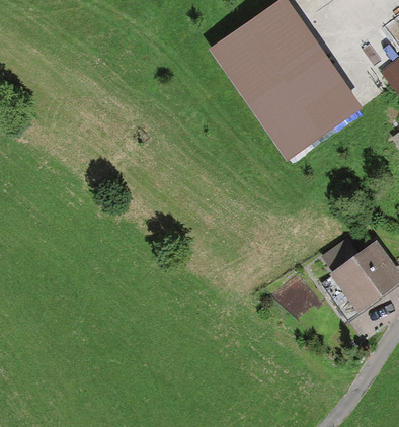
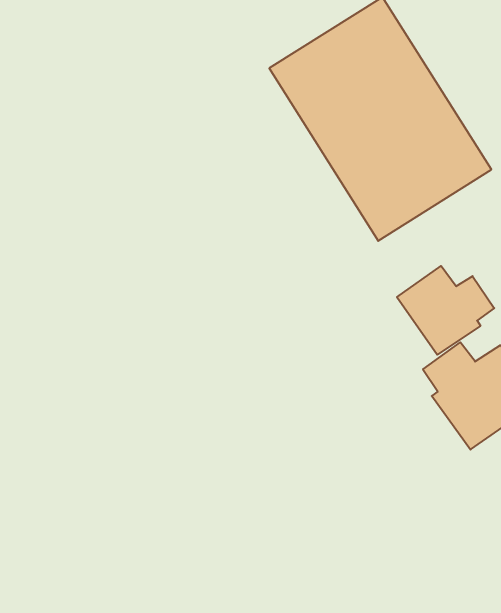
building: none -> [397,266,494,355]

